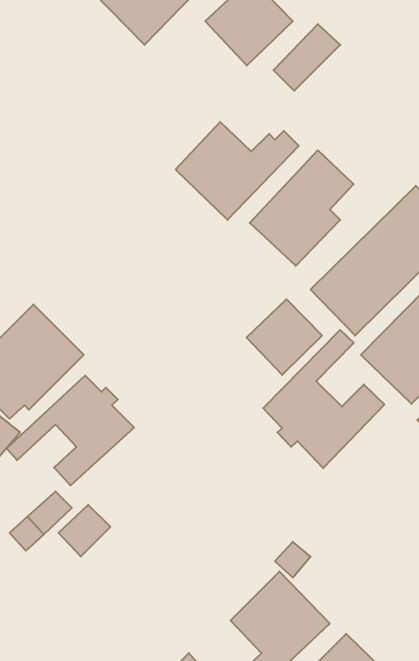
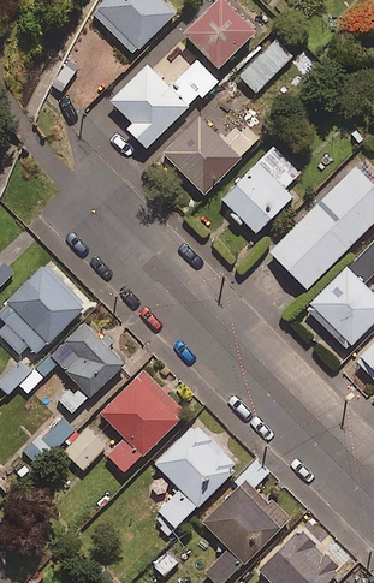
building: none -> [108,56,220,149]
building: [247,299,322,375] -> none
building: [263,330,384,468] -> none
building: none -> [101,370,185,472]
building: none -> [153,423,238,533]

